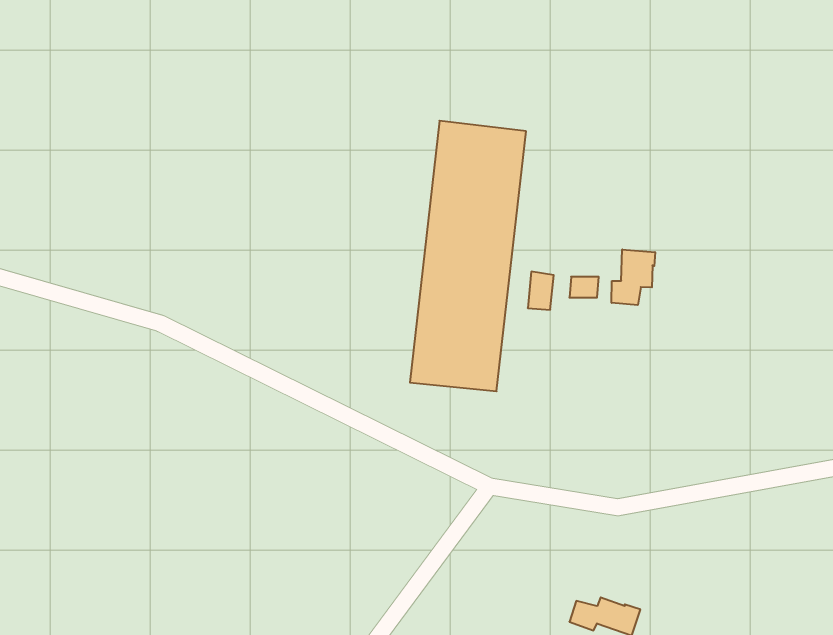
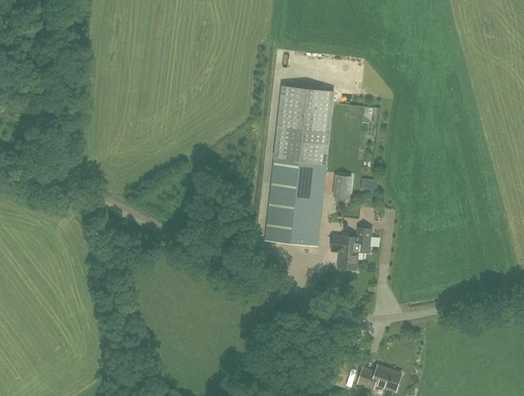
building: [612,249,655,305] -> none
building: none -> [331,228,370,269]

